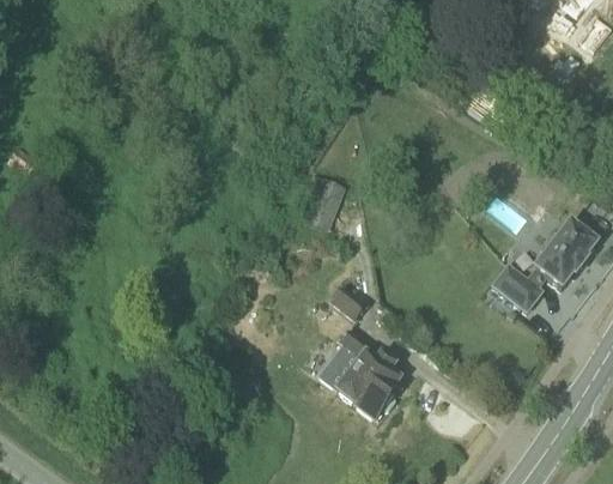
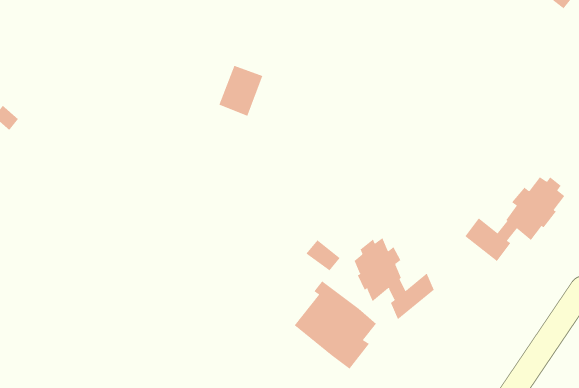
building: [299,176,345,229] -> [219,65,263,117]
building: none -> [354,237,434,320]

